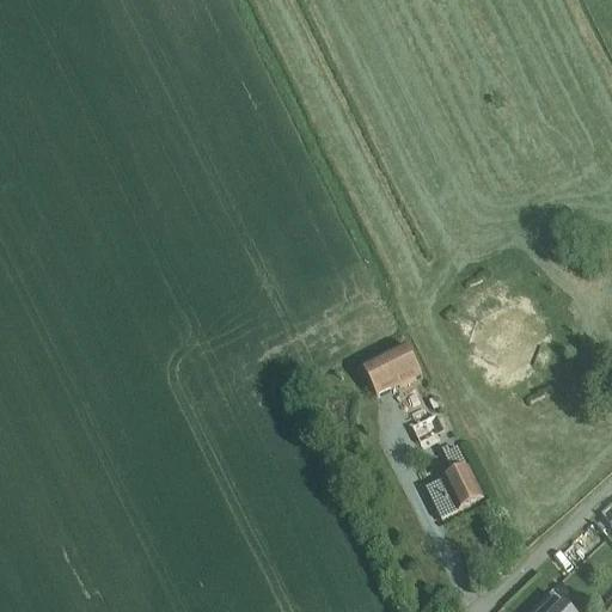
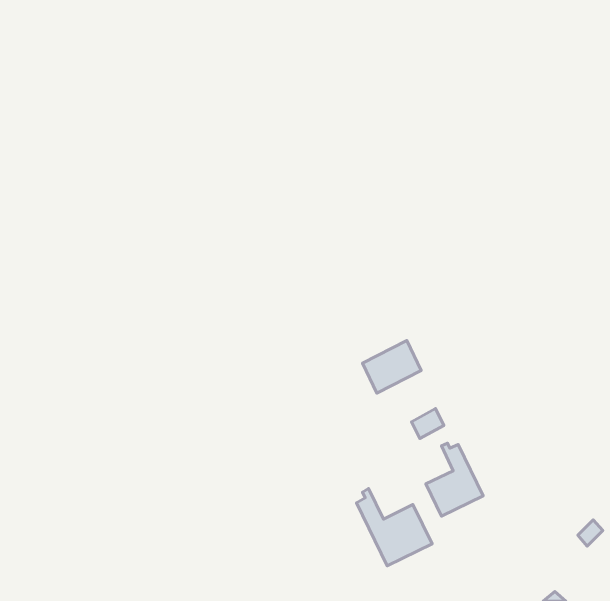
building: none -> [357,489,432,566]

